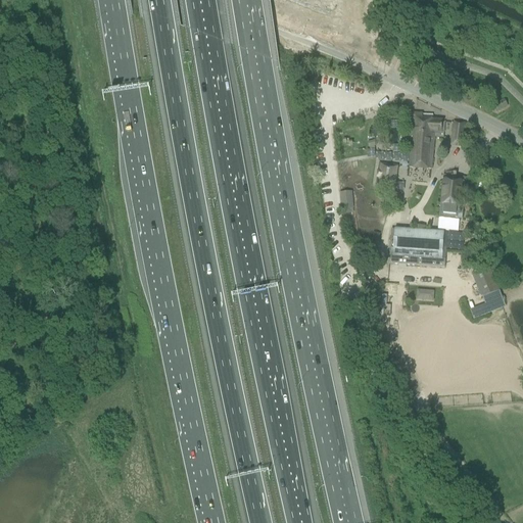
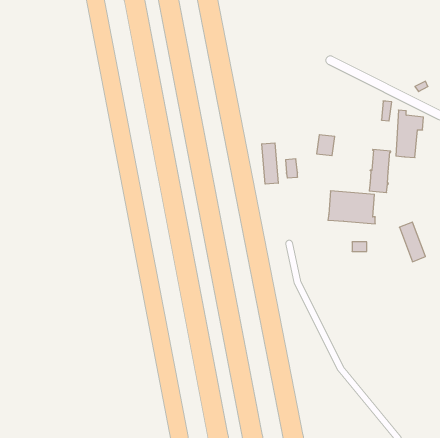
building: [410,110,442,167] -> [396,110,423,158]
building: none -> [262,143,278,184]

